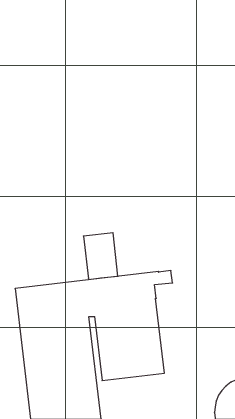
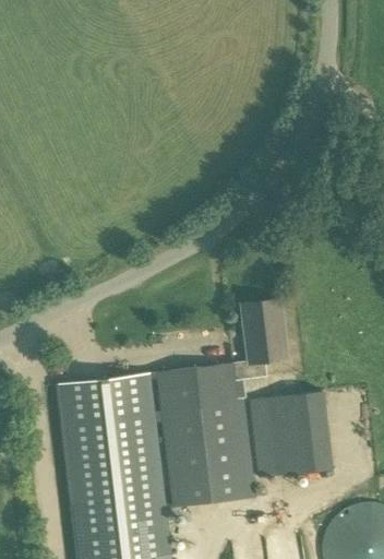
building: [83,233,118,280] -> [241,300,287,362]
building: none -> [249,391,332,477]

